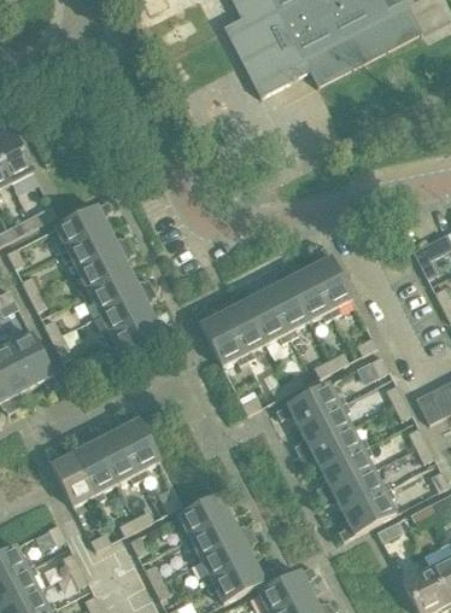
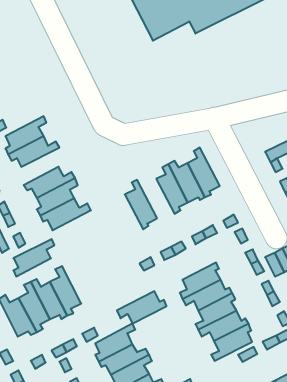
building: [77,244,134,296] -> [13,239,54,276]
building: [238,285,289,341] -> none
building: [194,306,246,363] -> none
building: [279,383,347,427] -> [117,291,167,323]

